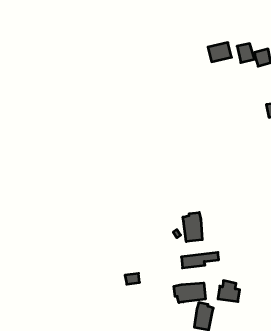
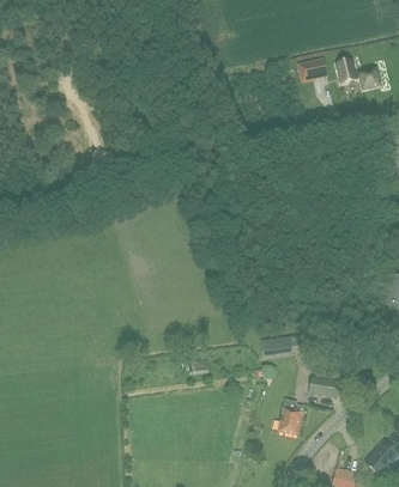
building: [183,212,202,242] -> none
building: [174,283,205,303] -> none

